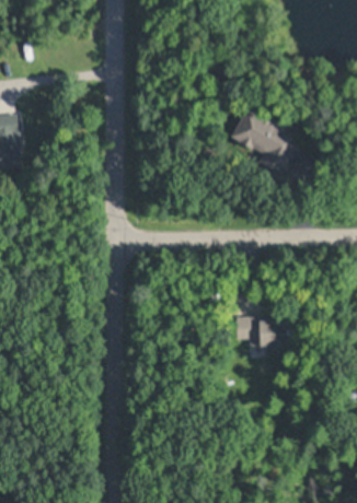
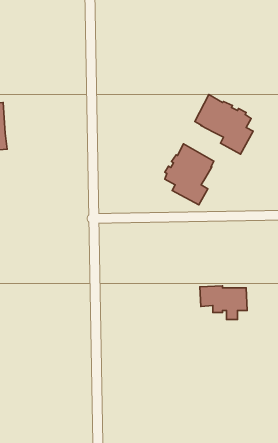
building: none -> [165,144,214,205]

